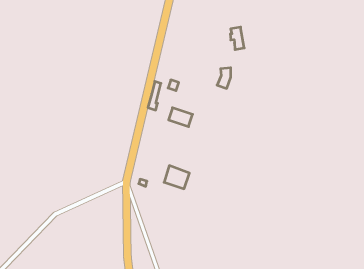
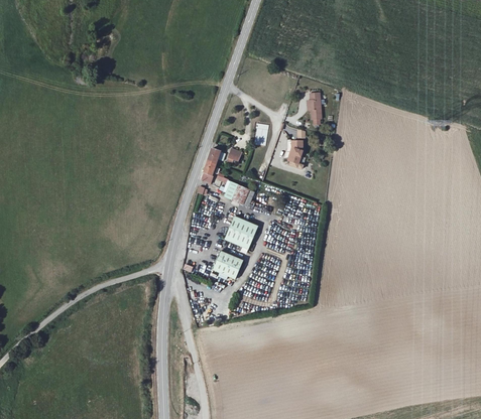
building: none -> [224,217,257,250]

